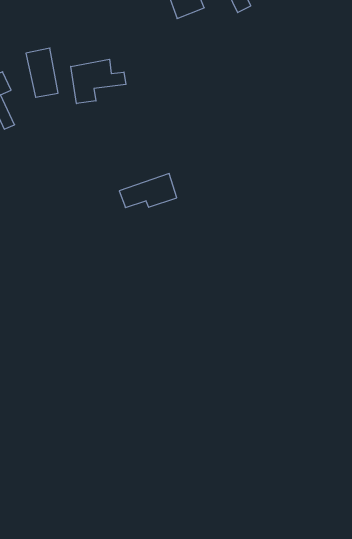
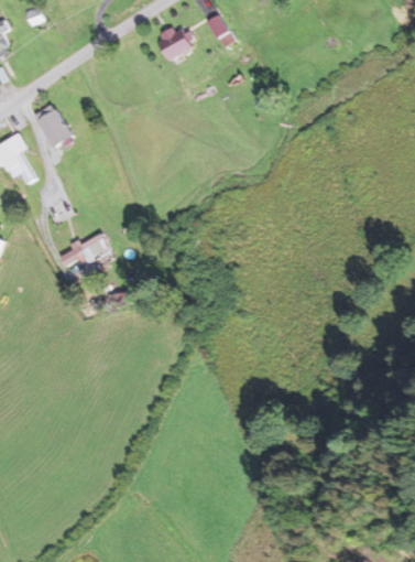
building: [71,59,126,104] -> none
building: [119,174,177,208] -> [59,231,112,268]

